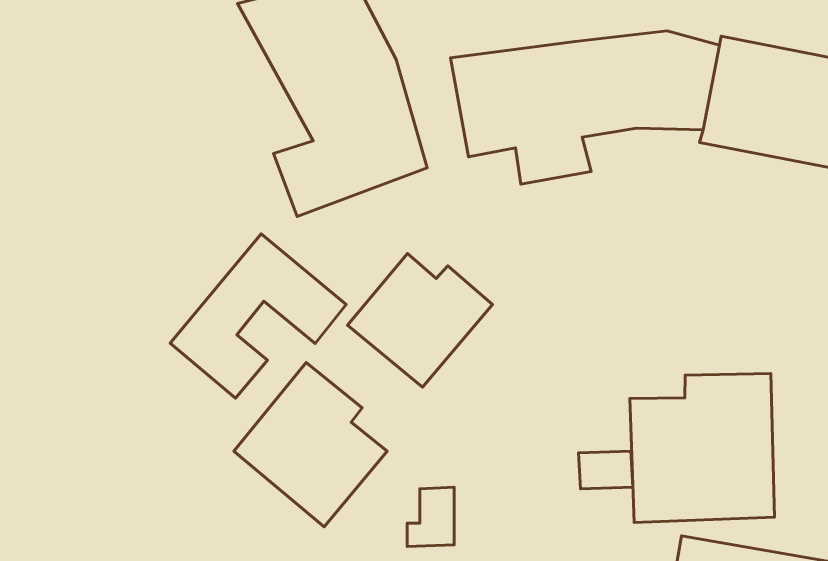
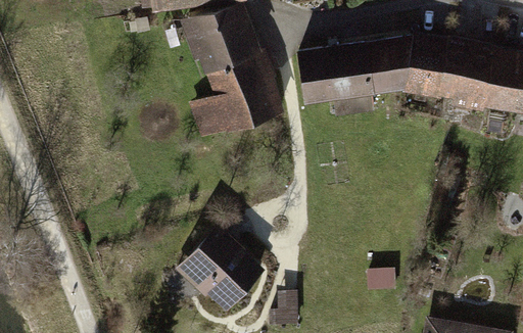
building: [170,234,346,398] -> none
building: [348,254,492,387] -> none
building: [630,374,775,523] -> none

